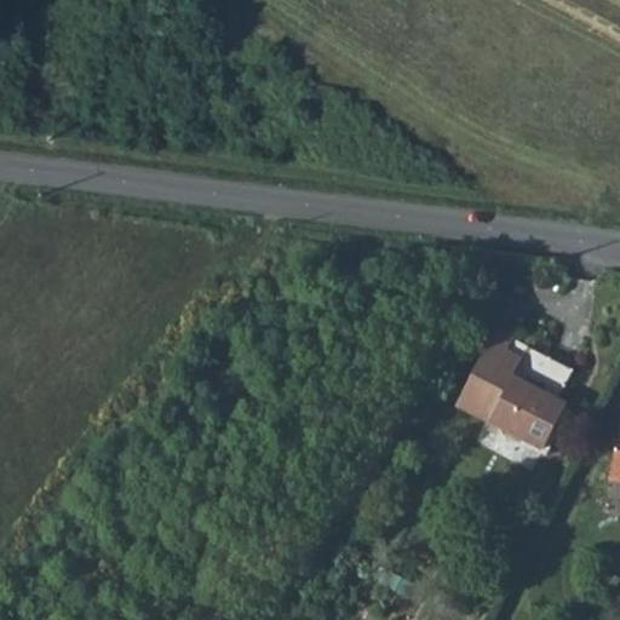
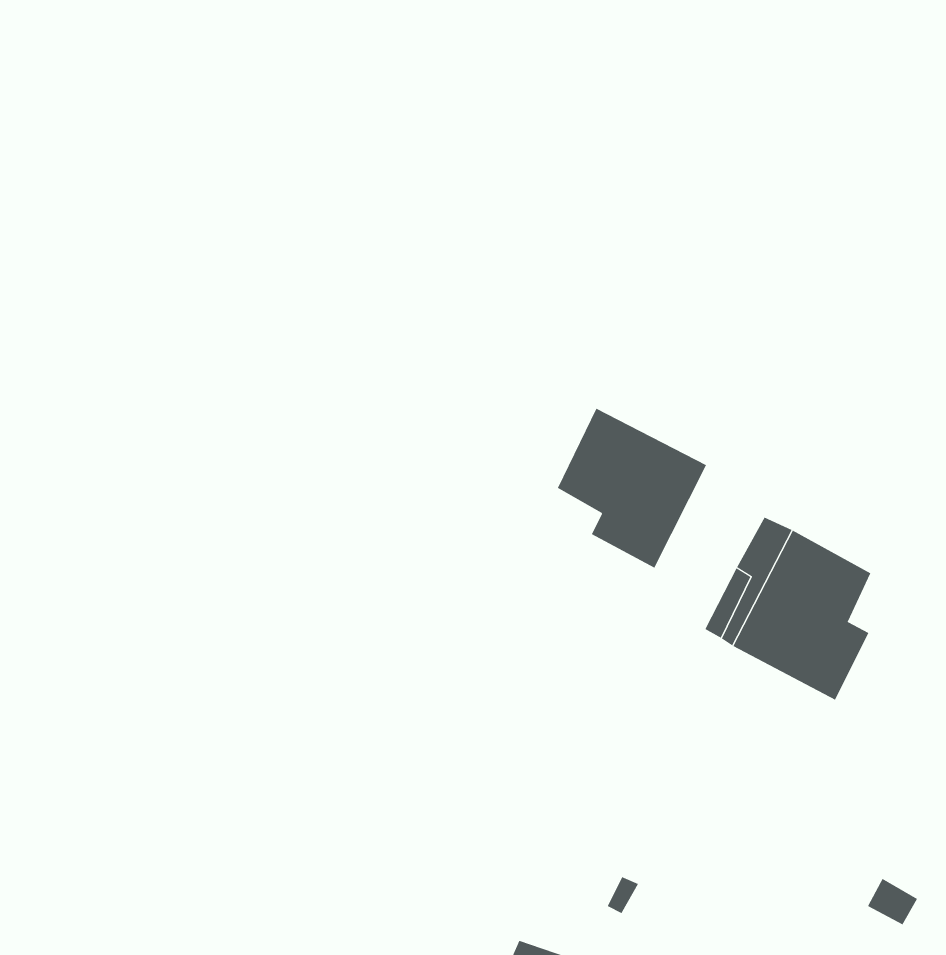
building: none -> [557,408,707,568]

